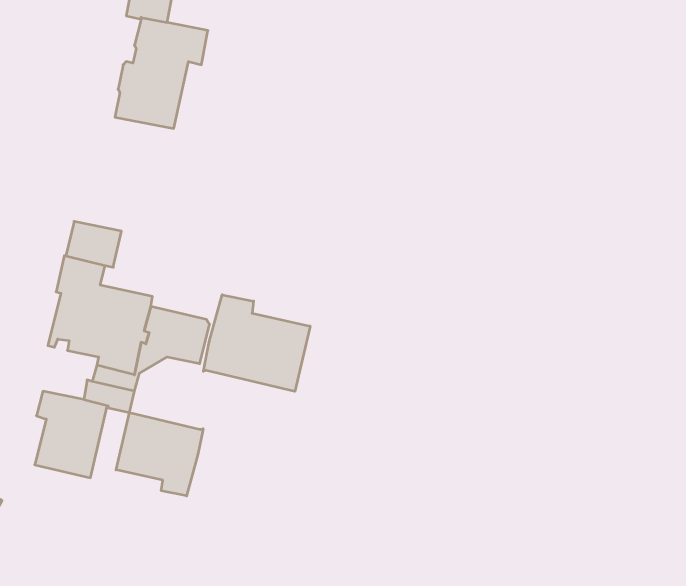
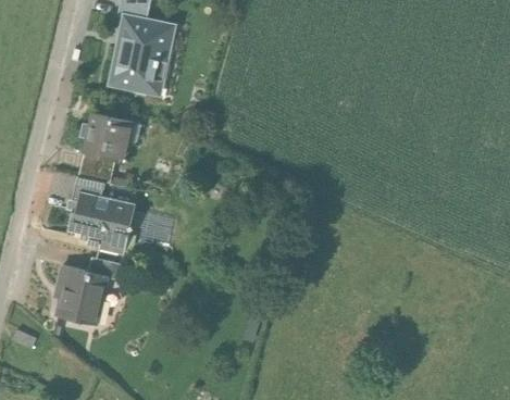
building: none -> [83,113,126,162]
building: [203,295,310,391] -> none
building: [116,412,203,496] -> none

